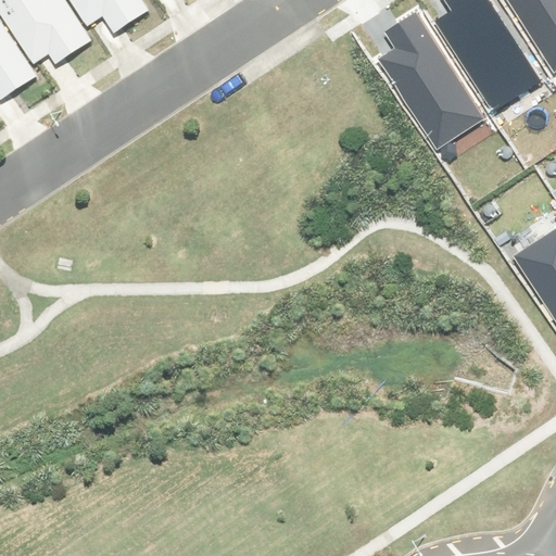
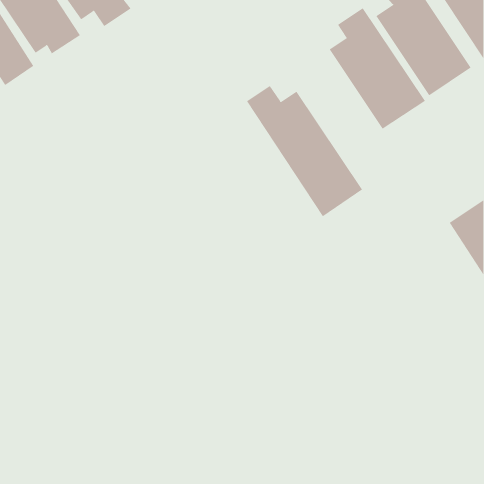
building: none -> [246,85,363,217]

